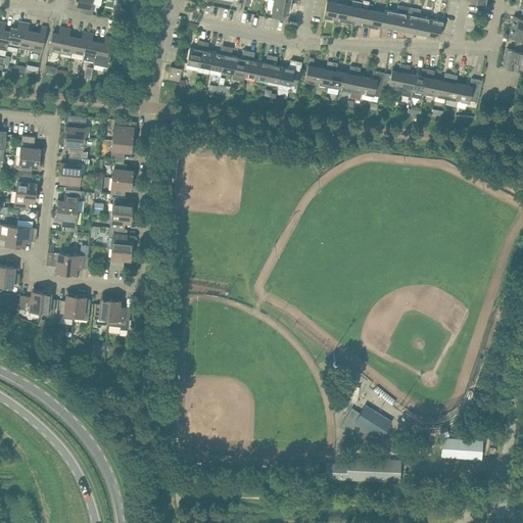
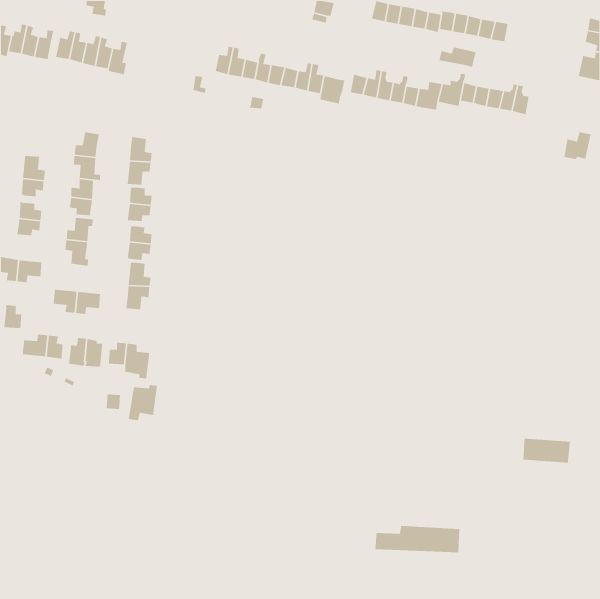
building: none -> [438,47,477,68]
building: [458,79,482,103] -> [563,132,592,160]
building: none -> [128,384,158,421]
building: [341,406,391,439] -> none
building: [441,437,483,460] -> [523,438,571,464]

